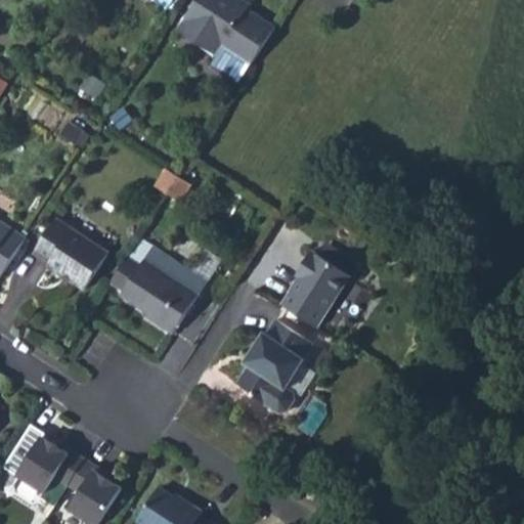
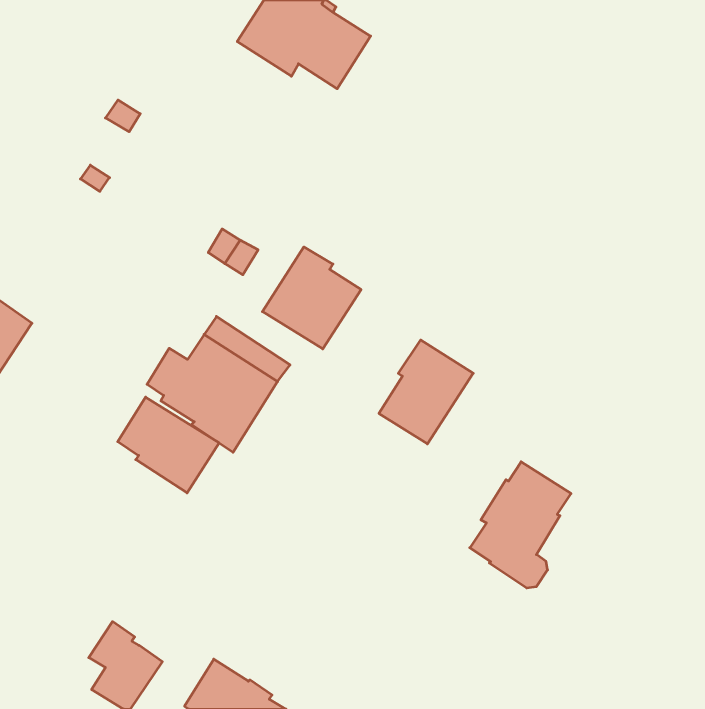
building: none -> [262,247,361,349]
building: [33,219,107,290] -> [118,397,219,493]
building: [236,319,311,412] -> [470,462,571,588]
building: [14,435,83,506] -> none

